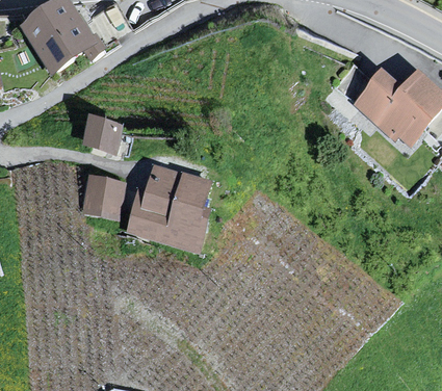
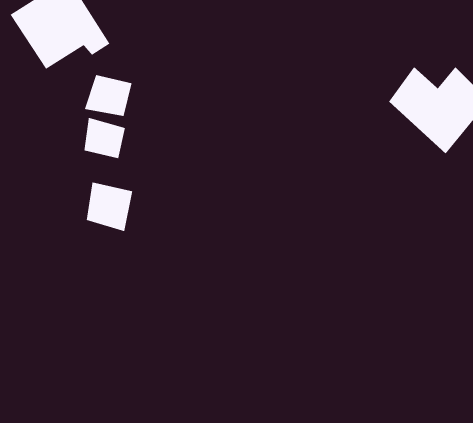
building: none -> [84,74,132,117]
building: [126,164,207,249] -> none

